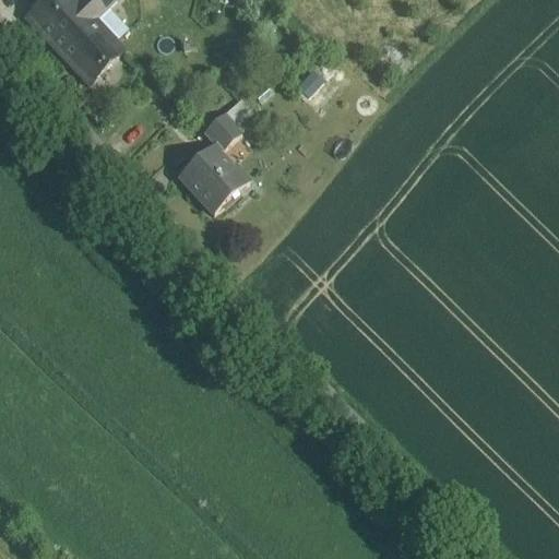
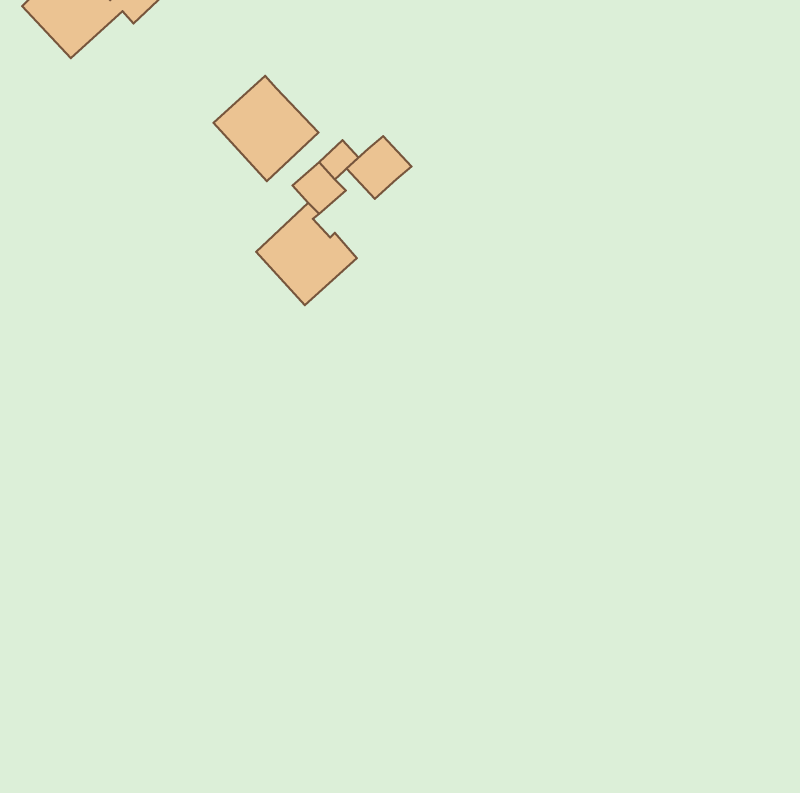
building: [49,8,122,81] -> [213,76,319,181]
building: none -> [346,136,412,199]

